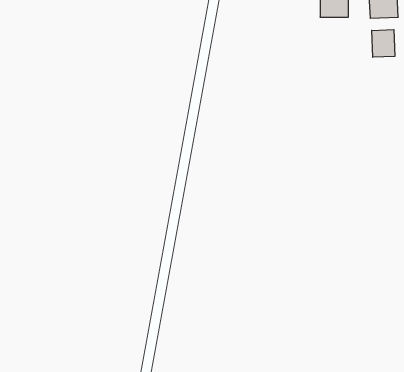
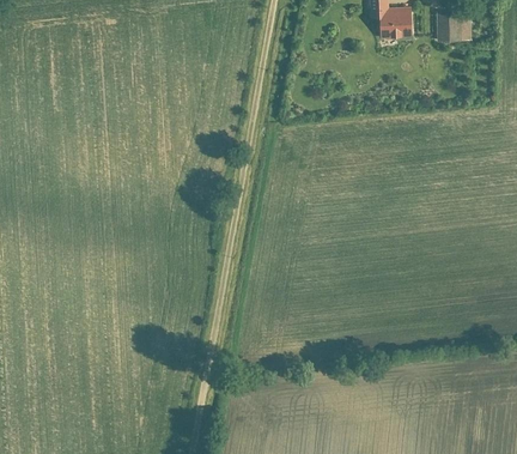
building: [372,30,395,57] -> none

